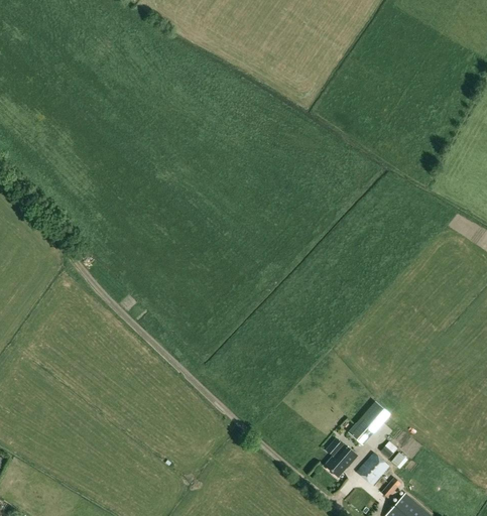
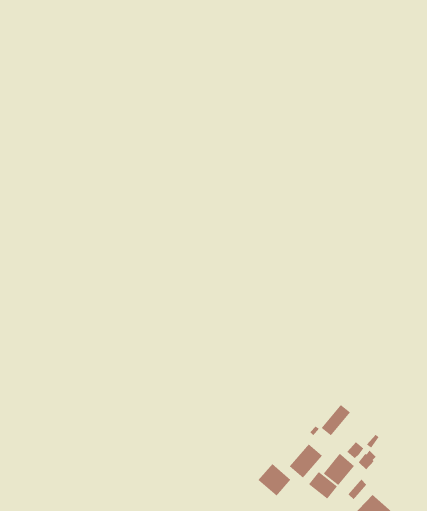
building: none -> [258,463,291,496]
building: none -> [308,471,338,500]

